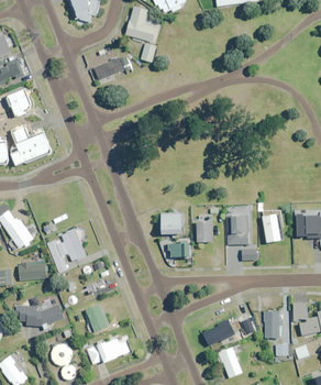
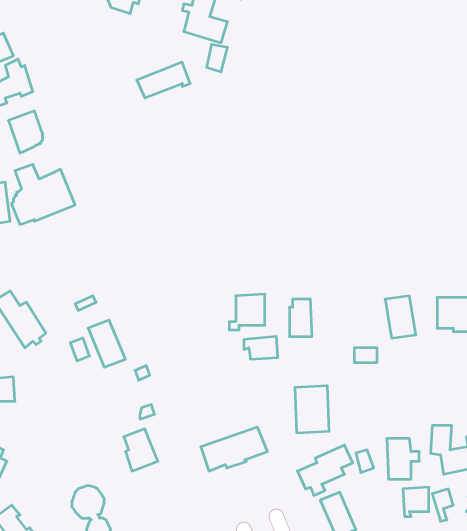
building: [225,213,248,245] -> [295,386,329,433]
building: [18,260,45,279] -> none
building: [13,292,64,329] -> none
building: [86,334,131,364] -> [201,427,267,471]

